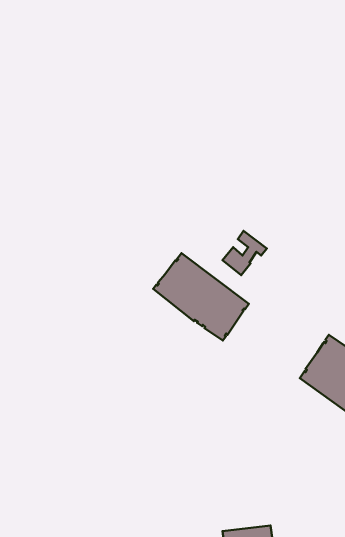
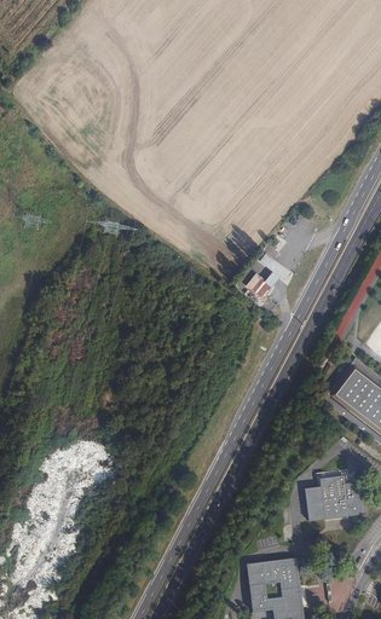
building: [153,253,249,341] -> none
building: none -> [307,475,365,519]

